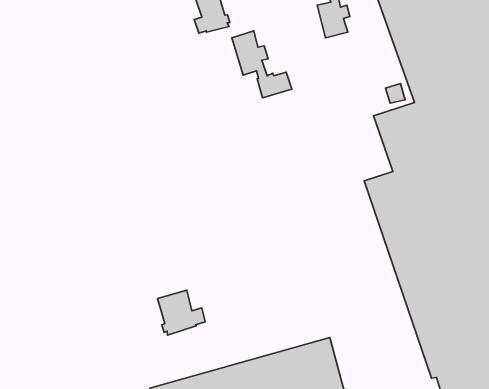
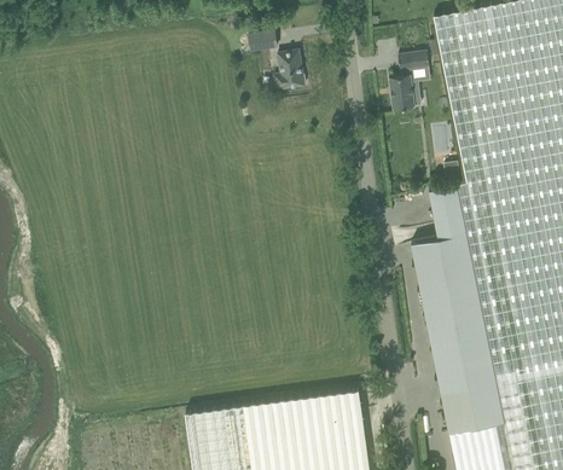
building: [232,31,292,98] -> none
building: [157,290,205,335] -> none

